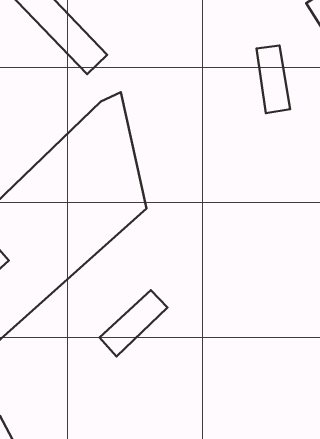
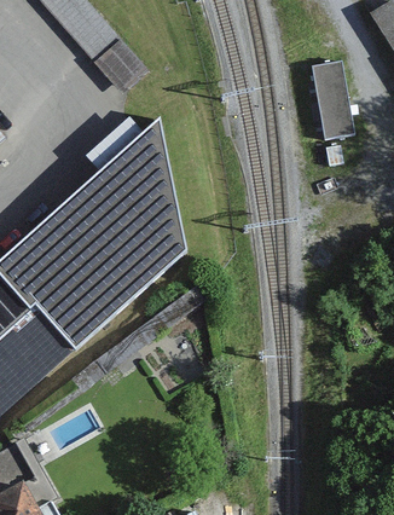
building: [100,290,168,356] -> none

